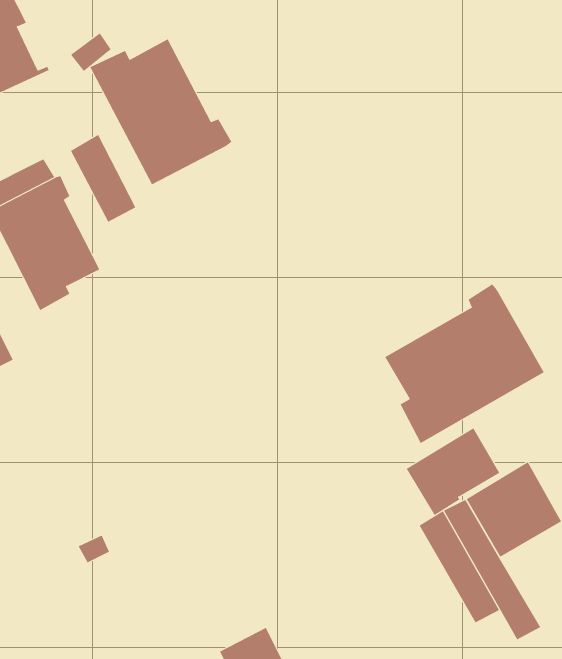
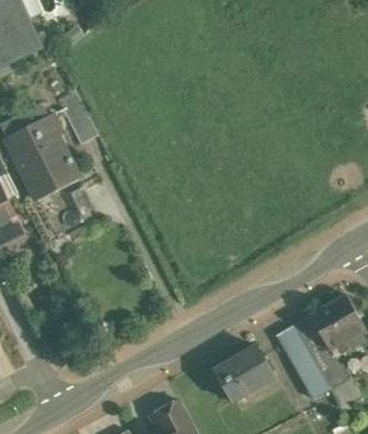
building: [89,39,232,185] -> none
building: [384,284,545,444] -> none
building: [406,428,500,516] -> [213,346,273,402]

